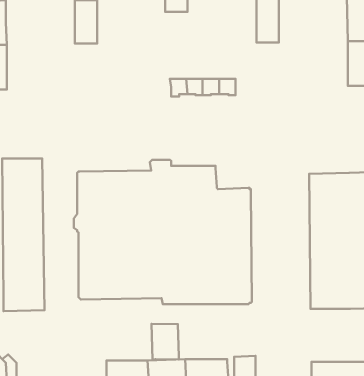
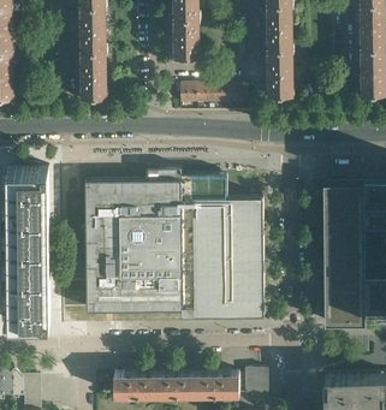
building: none -> [174,18,198,57]
building: none -> [268,49,292,95]
building: none -> [82,50,106,97]
building: [151,324,179,360] -> none

